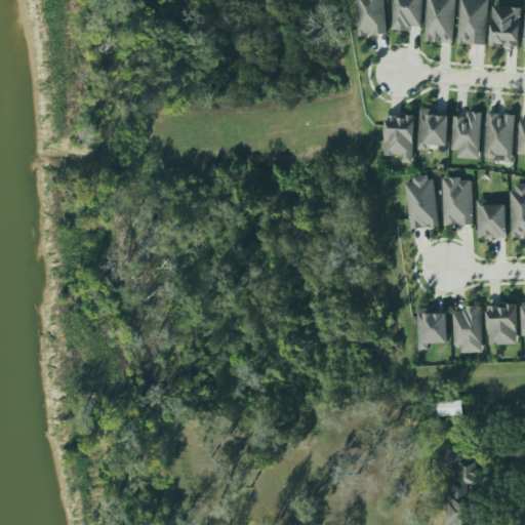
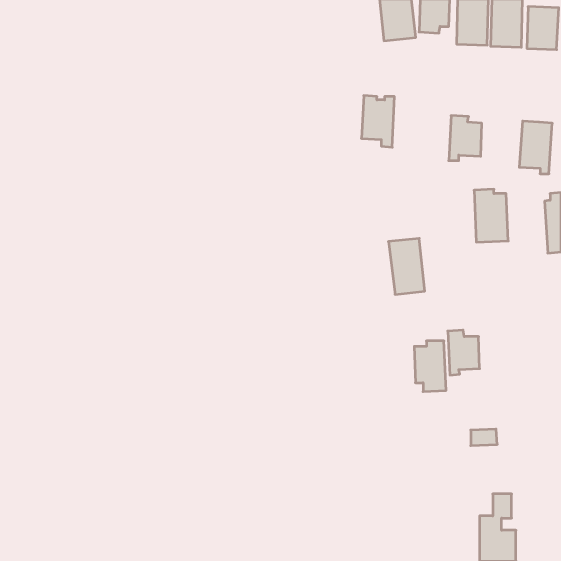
building: [451,112,482,158] -> none
building: [383,115,414,163] -> [361,96,394,147]
building: [405,176,439,229] -> [388,238,425,294]
building: [476,196,508,239] -> none
building: [487,304,518,345] -> none
building: [453,306,483,353] -> [414,341,446,392]

